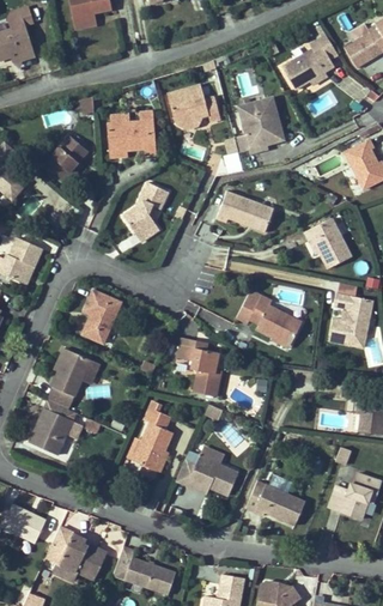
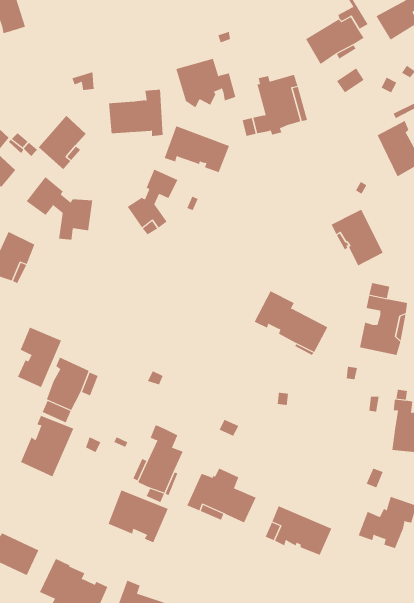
building: none -> [26,176,93,241]
building: [215,190,274,232] -> [164,126,230,173]
building: [81,290,121,344] -> [17,327,62,388]
building: [177,337,220,396] -> none
building: none -> [108,489,169,543]

